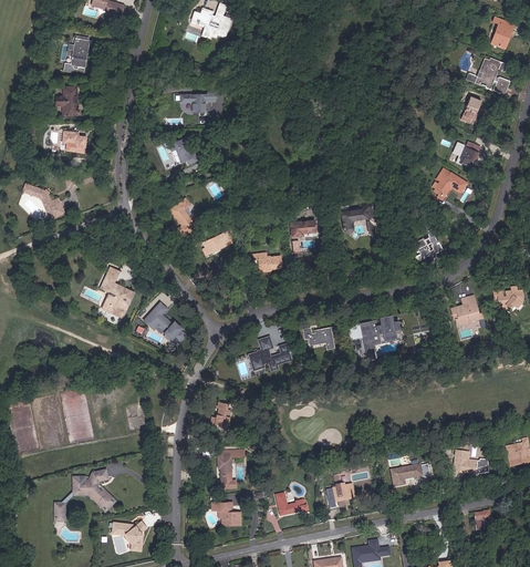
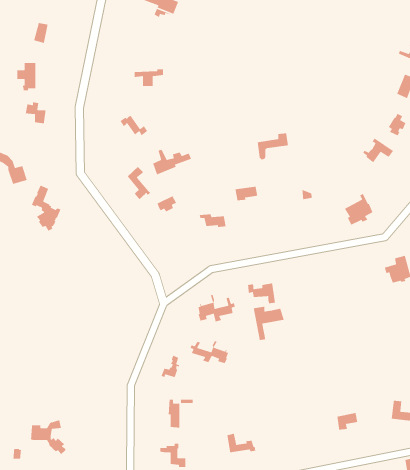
building: none -> [152,149,192,175]
building: [337,204,372,234] -> [257,132,289,160]
building: [102,264,135,315] -> [31,185,62,232]
building: [145,300,187,341] -> none
building: [361,319,395,357] -> [253,306,285,341]
building: none -> [189,340,229,364]
building: [332,477,360,504] -> none

